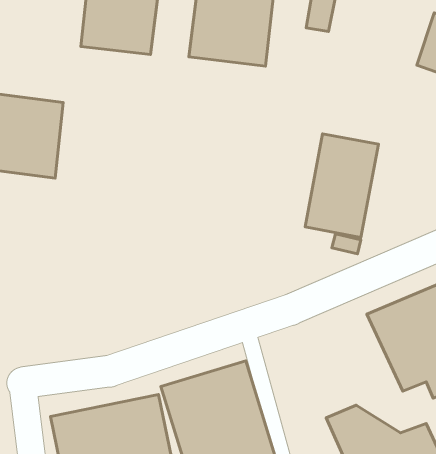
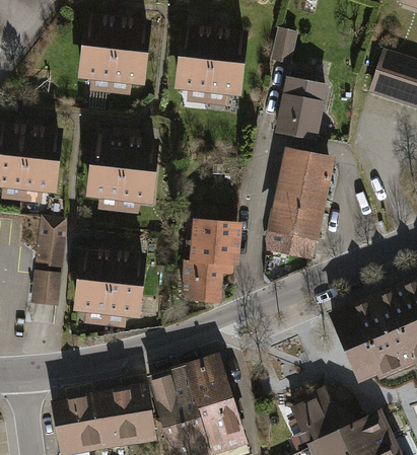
building: none -> [275,77,327,140]
building: none -> [84,133,157,206]
building: none -> [181,208,242,300]
building: none -> [33,220,66,308]
building: none -> [71,243,145,317]

